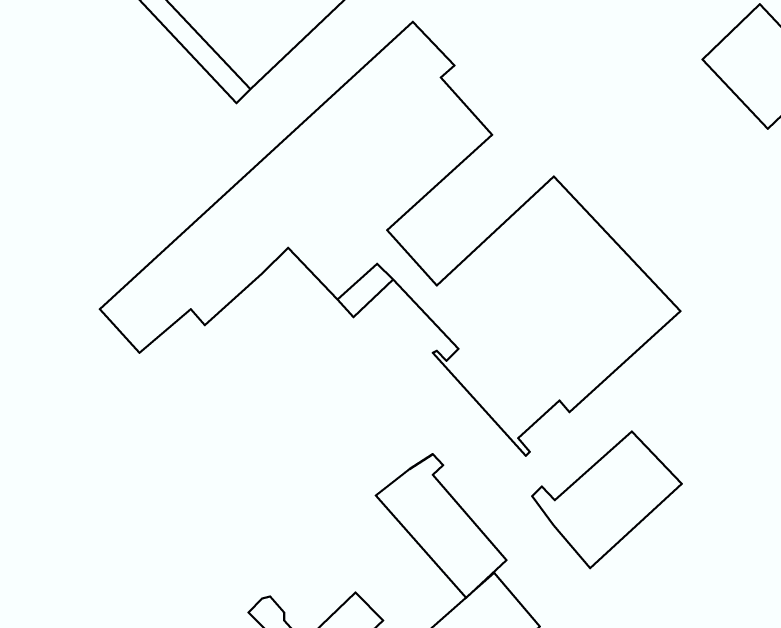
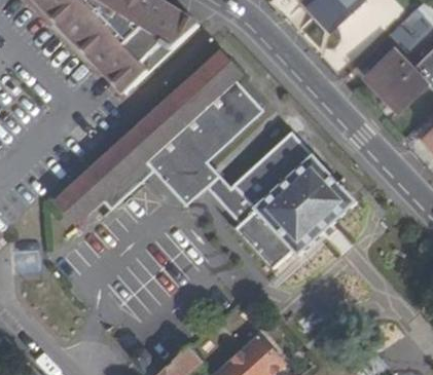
building: [532,432,682,568] -> none
building: [376,454,506,598] -> none

